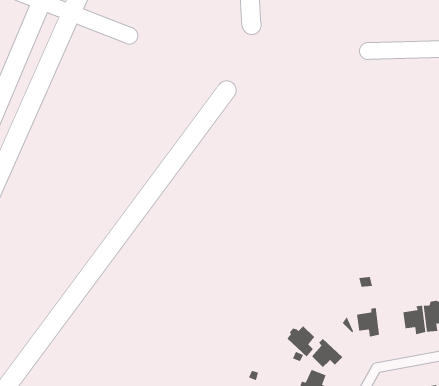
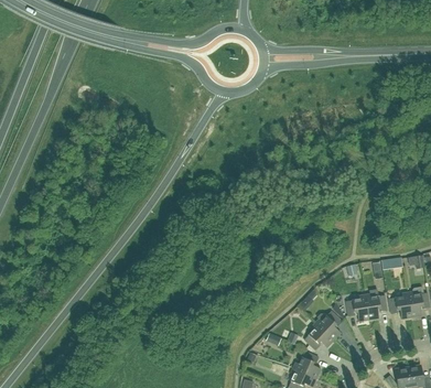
building: none -> [365,290,387,320]
building: [287,325,315,357] -> [315,311,342,341]

